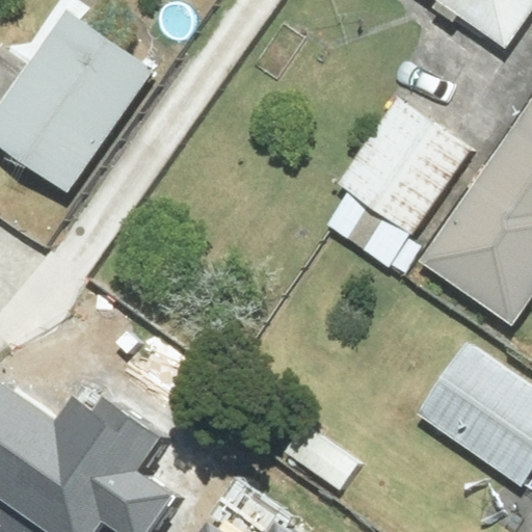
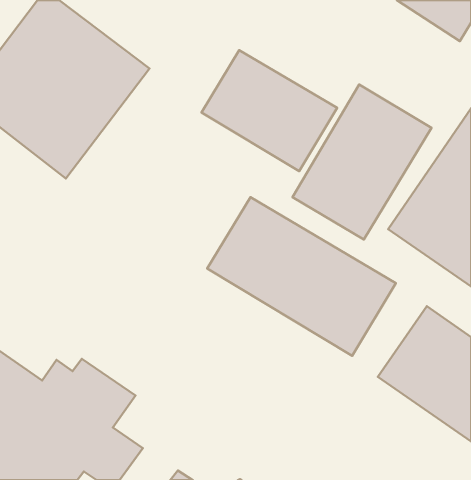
building: none -> [202,50,337,171]
building: none -> [207,197,396,356]

